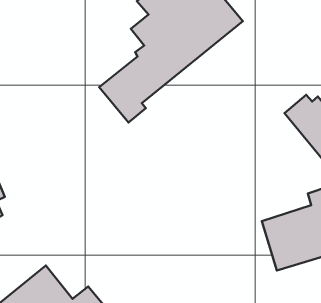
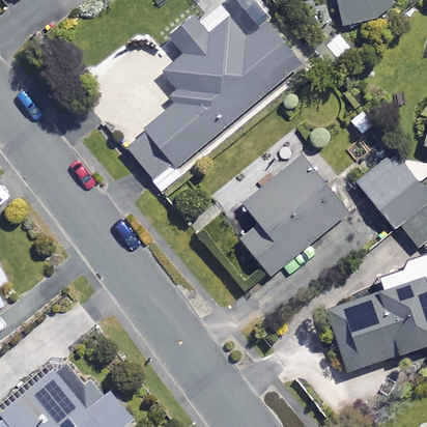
building: none -> [241,156,347,274]

